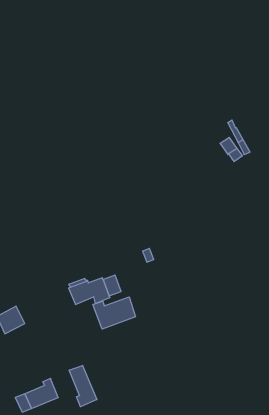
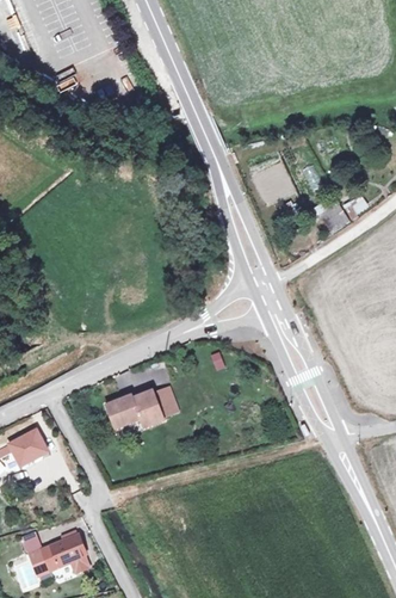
building: [93,297,136,329] -> none
building: [69,365,97,407] -> none

